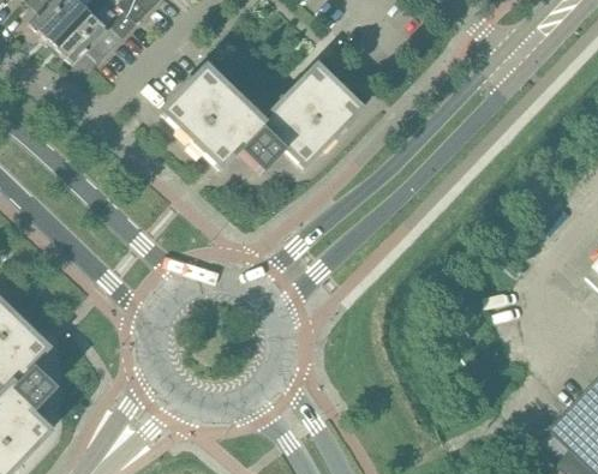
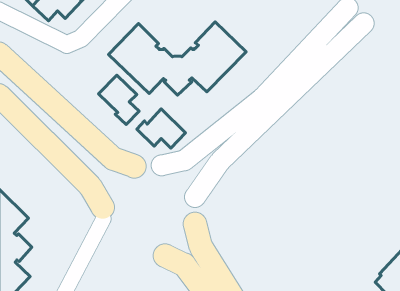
building: none -> [98,75,139,124]
building: none -> [137,109,186,148]

